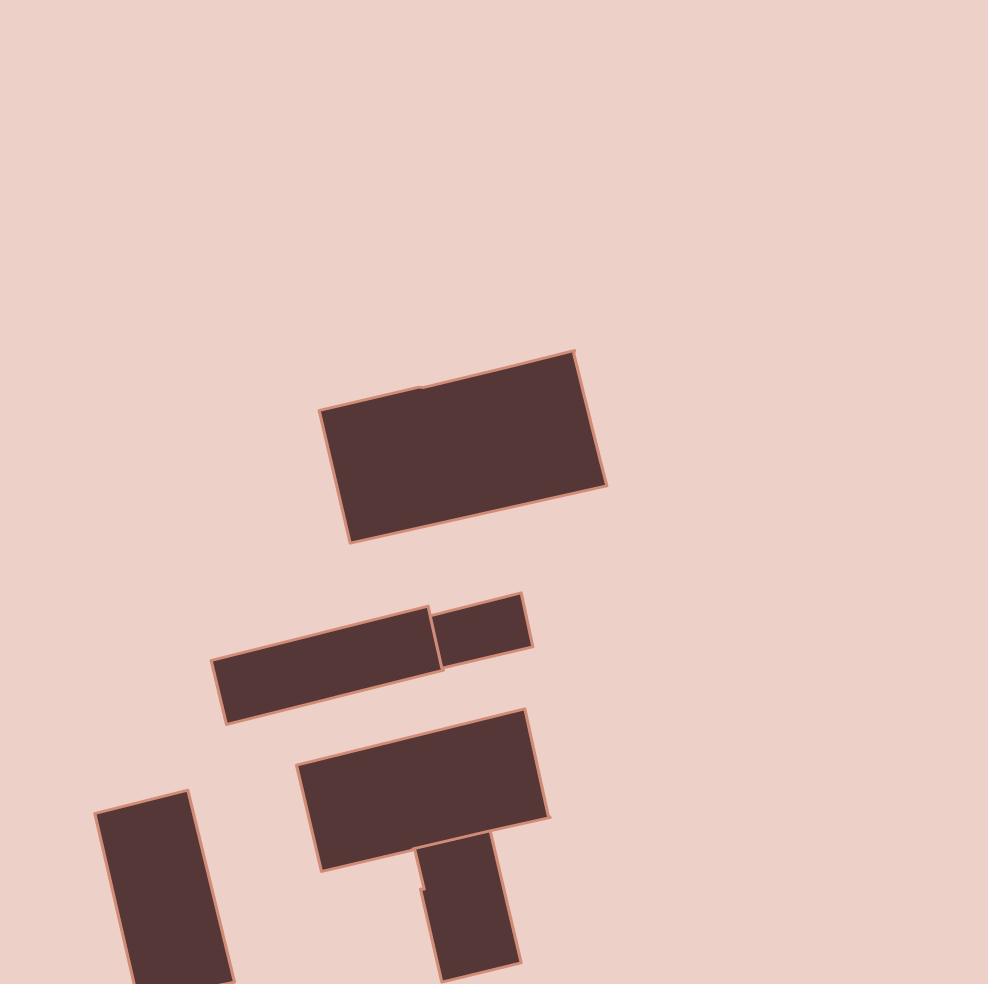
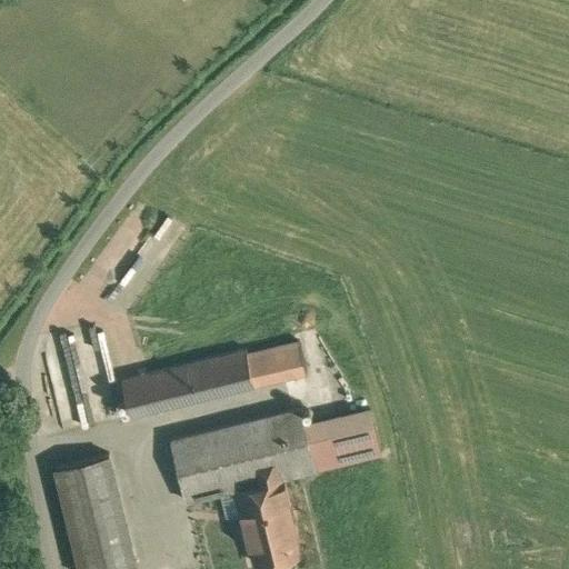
building: [319,351,607,543] -> none
building: none -> [305,411,379,471]

